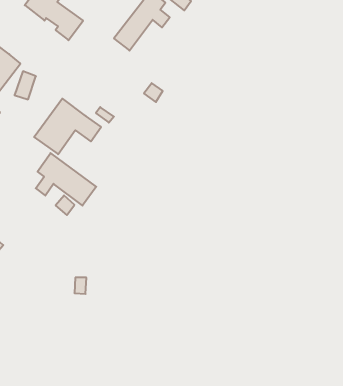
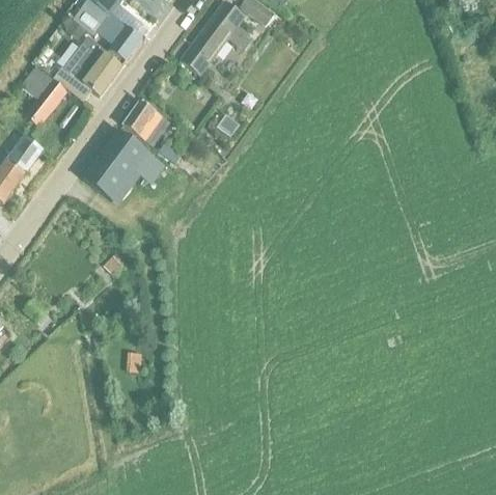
building: none -> [54,36,122,100]
building: none -> [122,101,165,142]
building: [36,153,96,206] -> none

